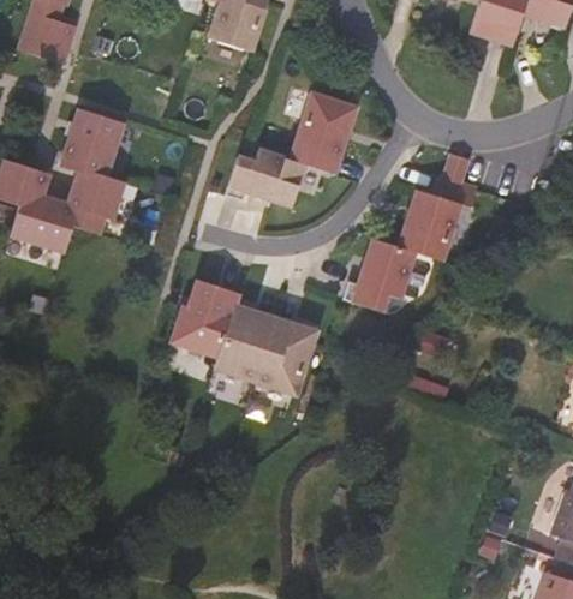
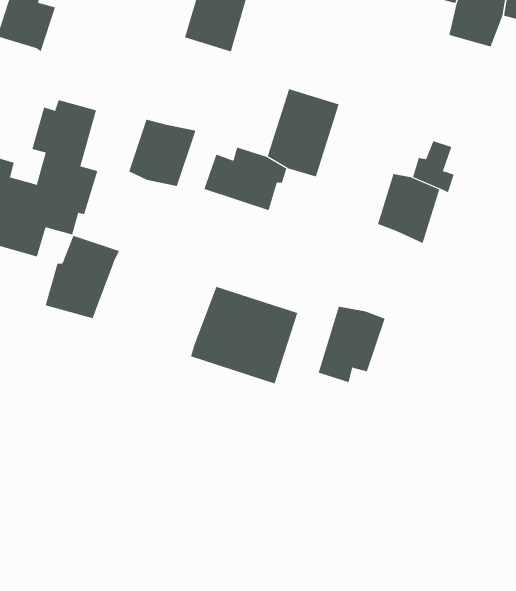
building: none -> [129,119,196,187]
building: [350,228,417,304] -> [318,306,386,383]
building: [168,269,243,352] -> [45,235,120,319]

